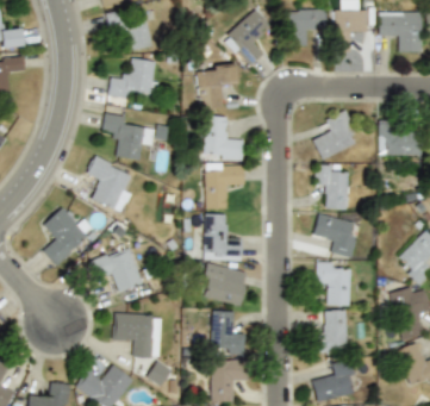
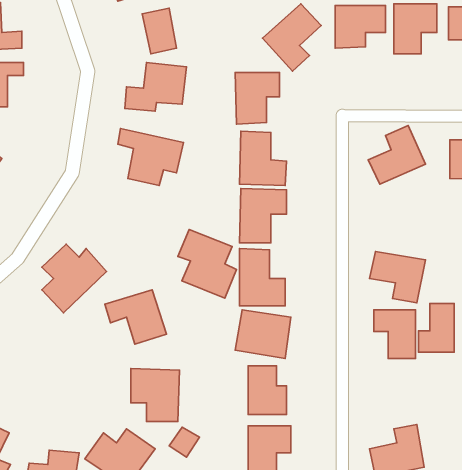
building: [85,156,133,213] -> [178,229,236,298]
building: [314,165,348,210] -> none
building: [316,311,345,351] -> [418,304,454,352]

